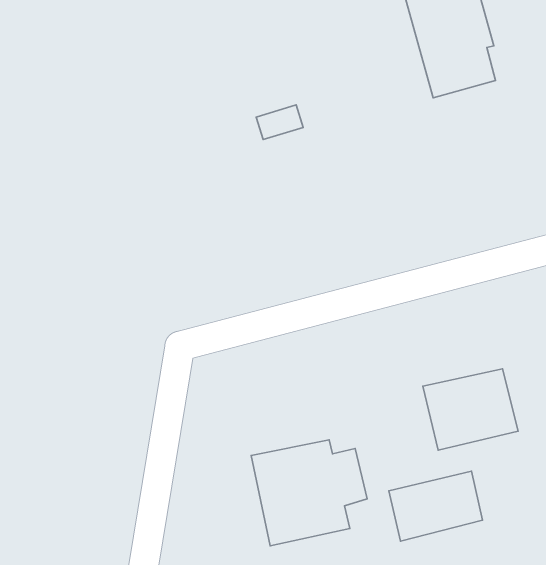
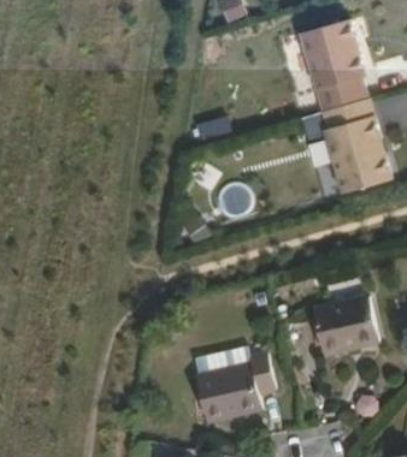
building: none -> [320,97,389,192]
building: [389,471,483,541] -> none

